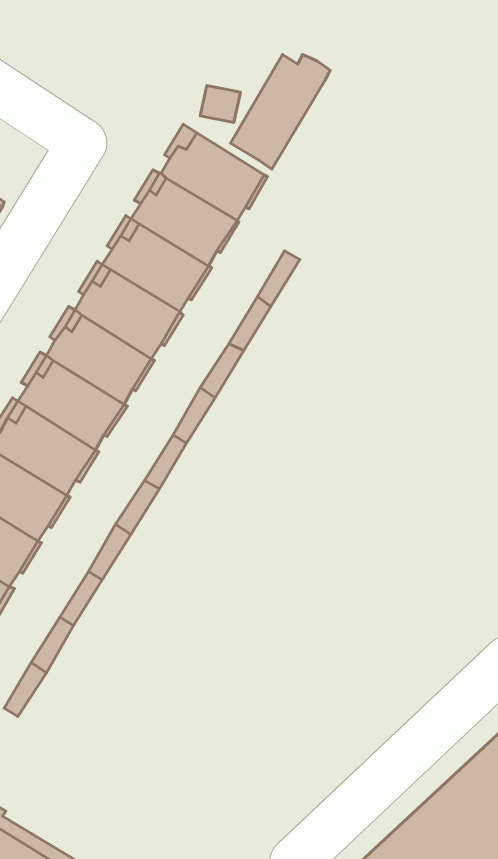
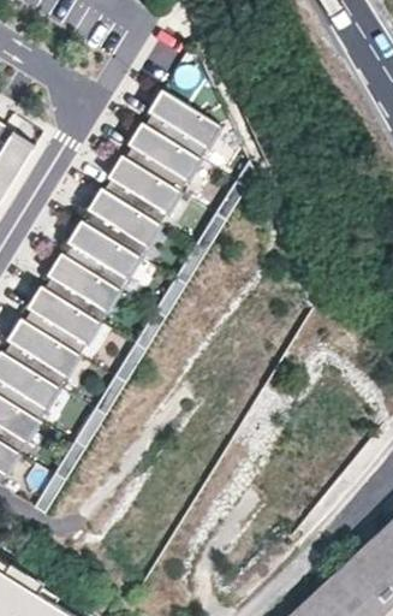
building: [231,54,330,169] -> none

